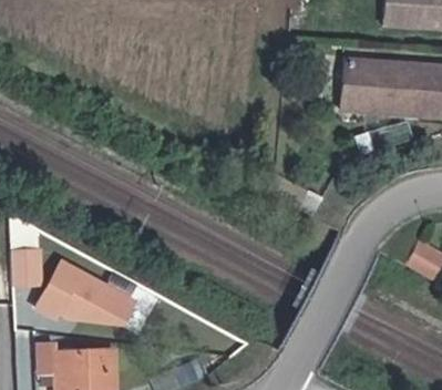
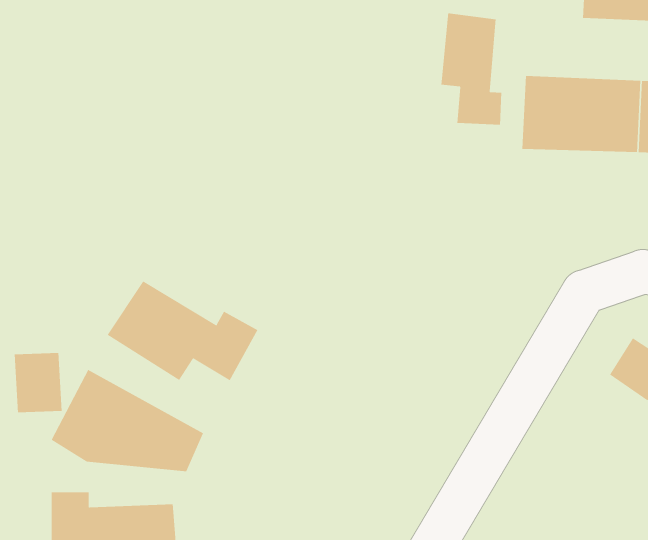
building: none -> [441,12,502,126]
building: none -> [107,280,258,381]

